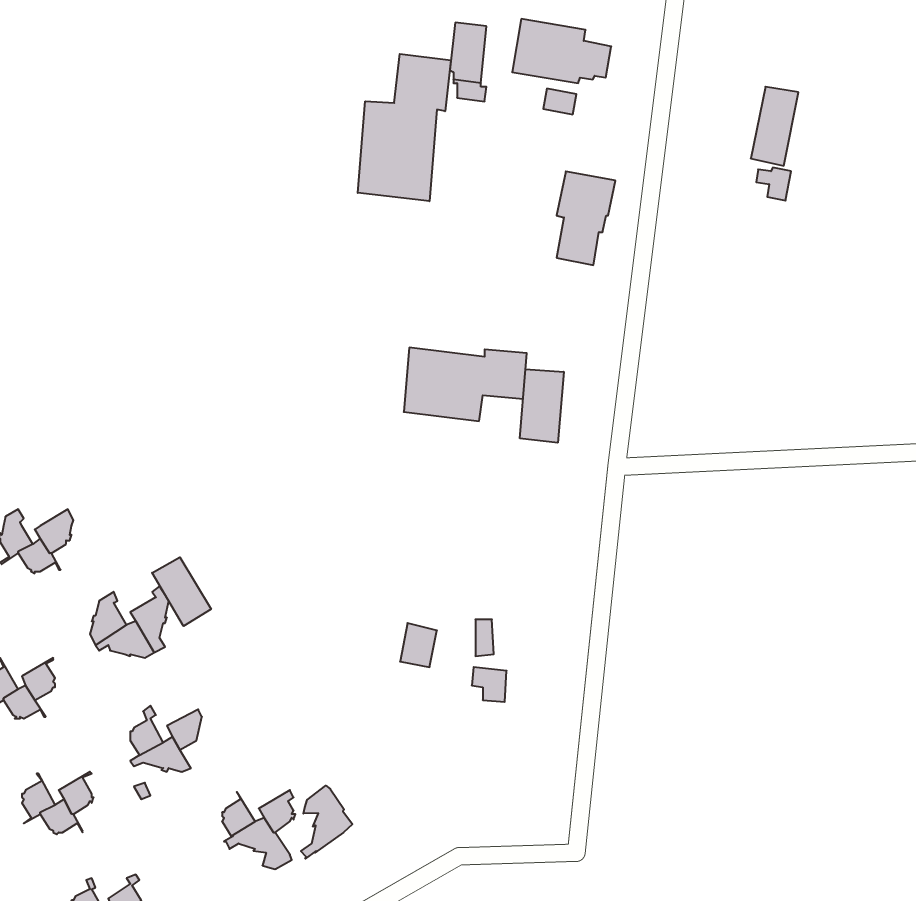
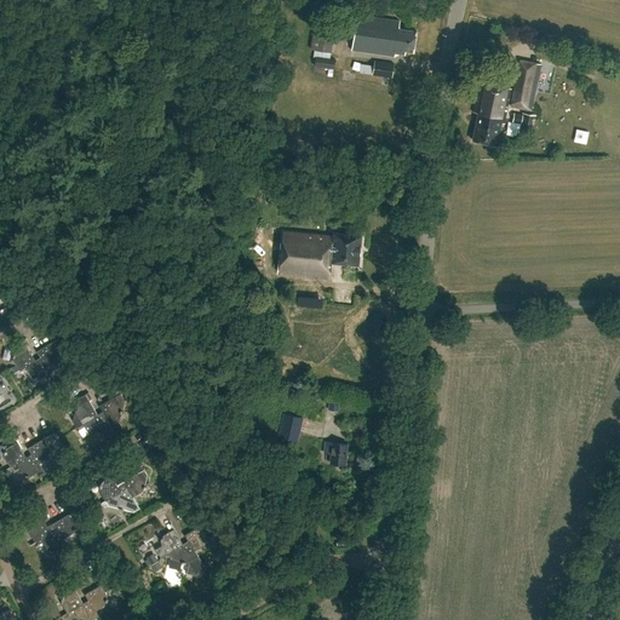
building: [358,54,451,201] -> none
building: [557,171,615,265] -> [472,84,511,145]
building: [520,369,564,443] -> none
building: [152,557,211,626] -> none
building: [301,786,352,859] -> none

